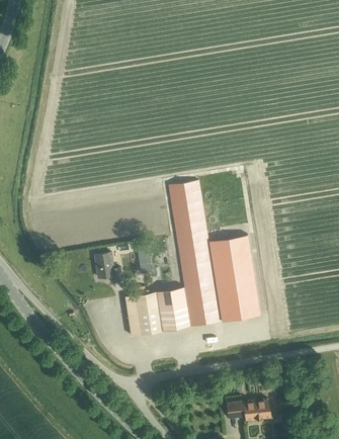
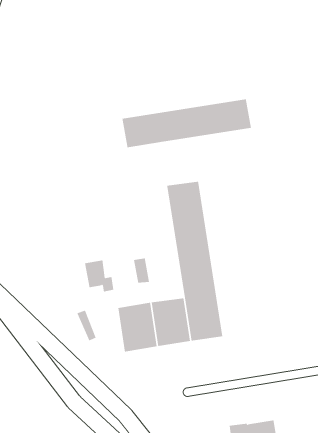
building: none -> [122,98,252,148]
building: [208,236,259,322] -> none

